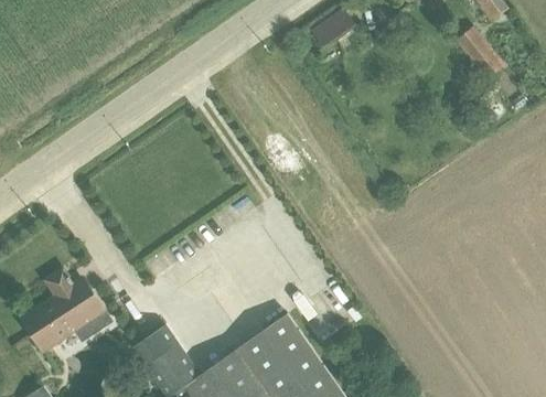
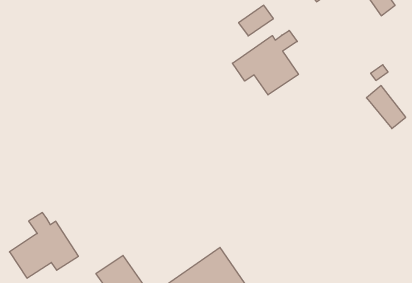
building: [454,26,504,81] -> [366,86,406,129]
building: none -> [232,30,298,95]

